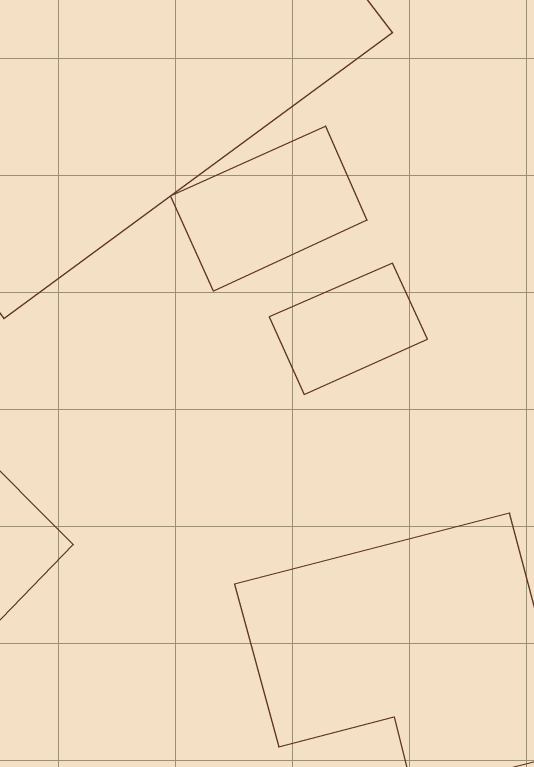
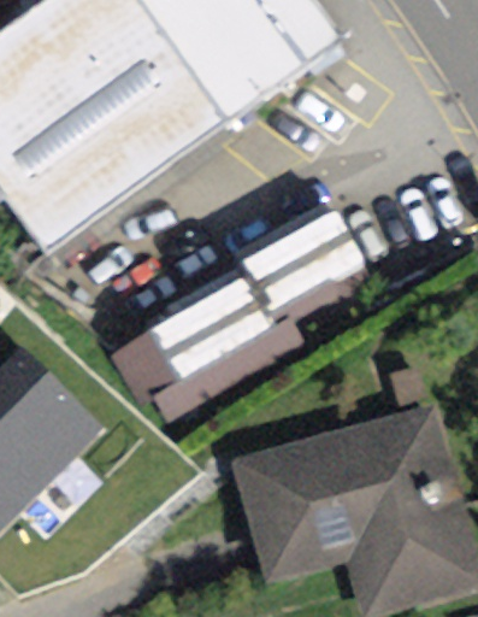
building: [171,126,367,291] -> none
building: none -> [124,270,297,418]

